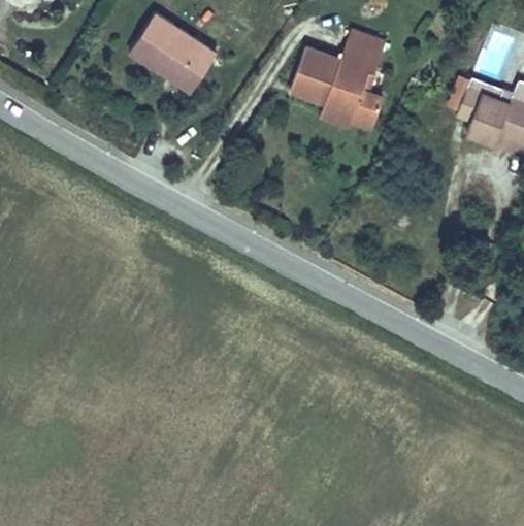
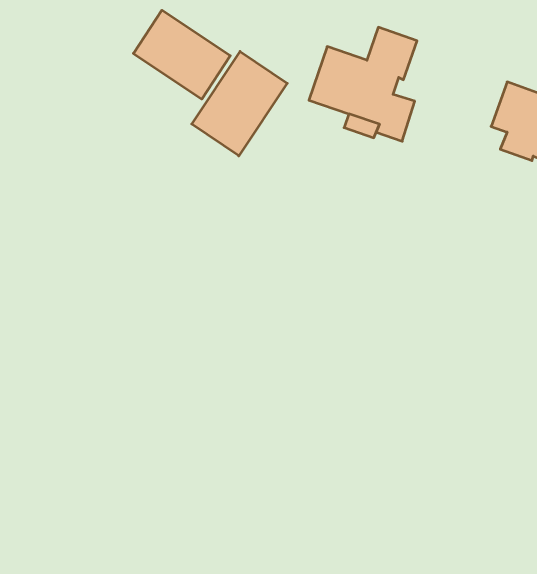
building: none -> [192,51,287,156]

